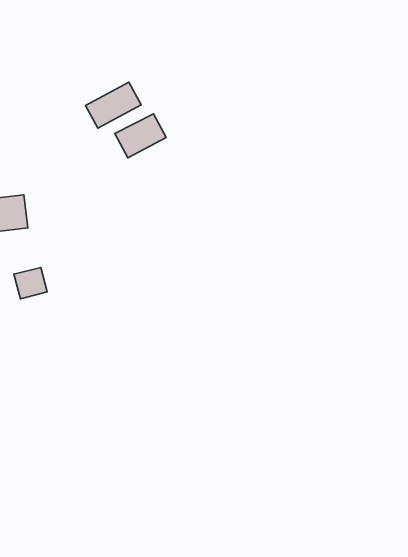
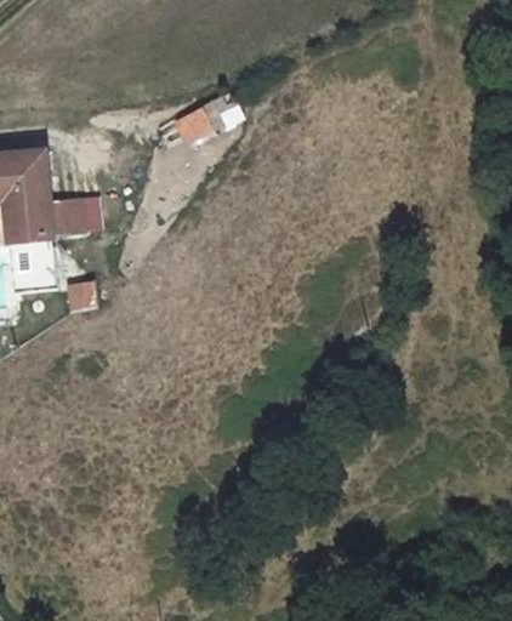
building: [115,114,166,158] -> none

